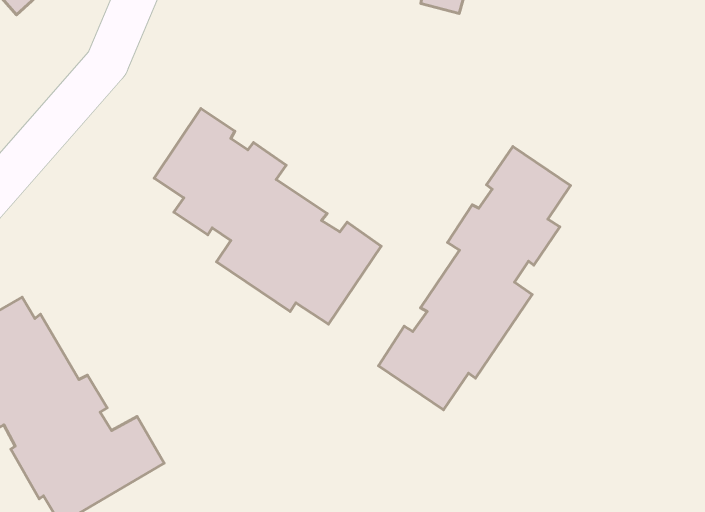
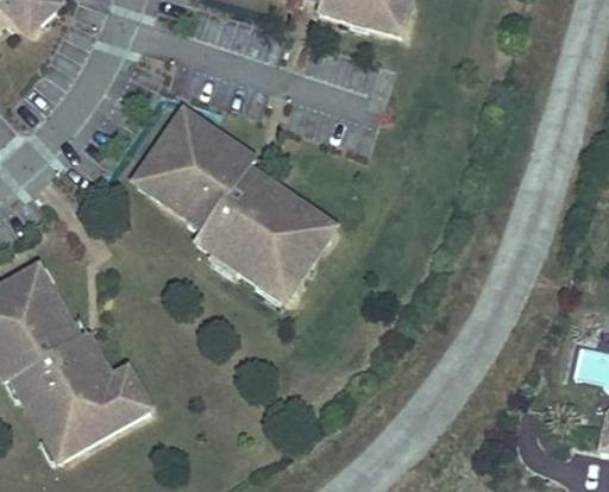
building: [378,146,571,410] -> none

